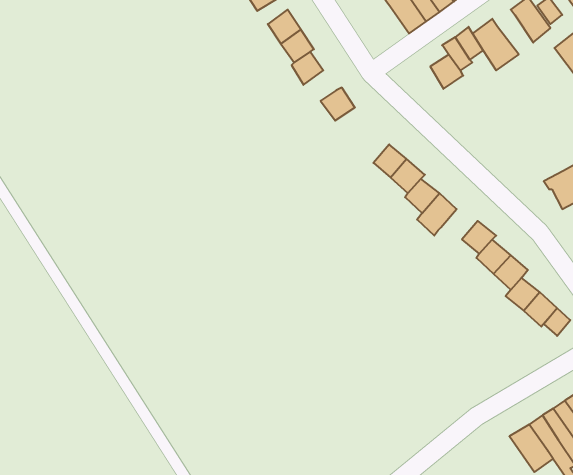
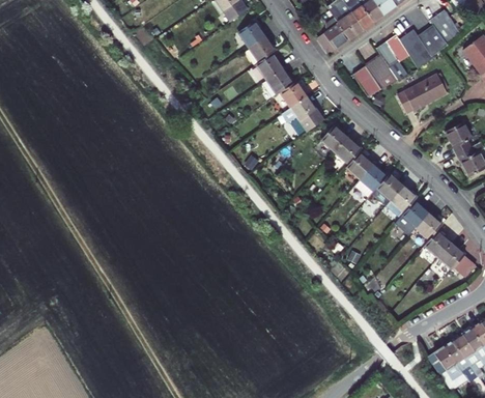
building: none -> [317,19,349,55]
building: none -> [419,25,447,56]
building: none -> [352,65,380,95]
building: none -> [261,68,292,98]
building: none -> [398,76,447,113]
building: none -> [282,97,322,132]
building: none -> [446,122,473,155]
building: none -> [372,174,403,206]

